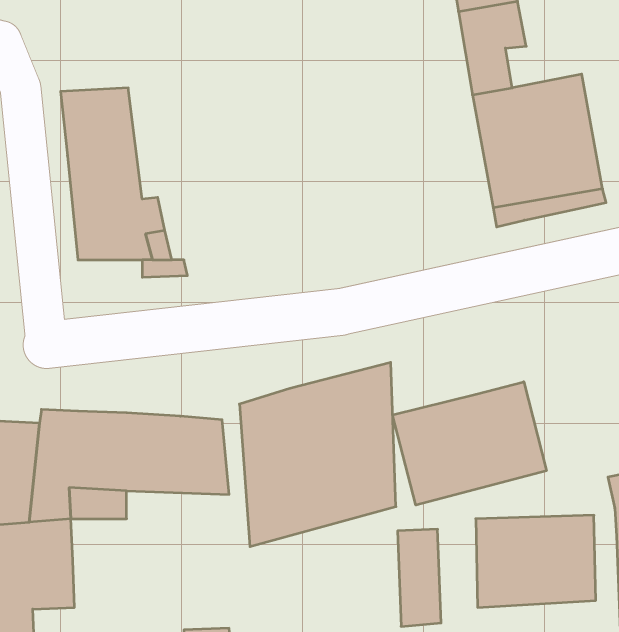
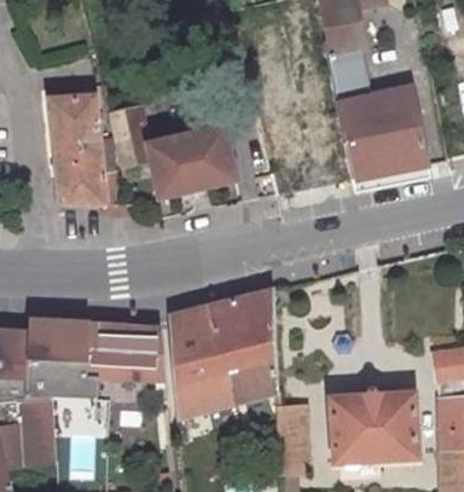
building: none -> [111,114,240,206]
building: [393,382,546,505] -> none

